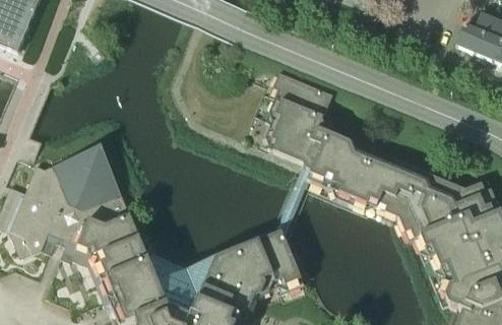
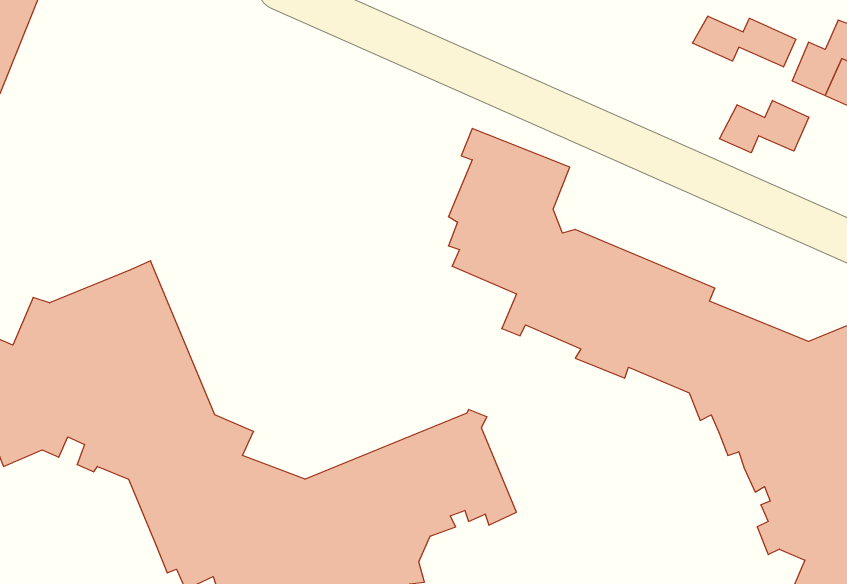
building: none -> [693,16,796,67]
building: none -> [719,100,809,153]

